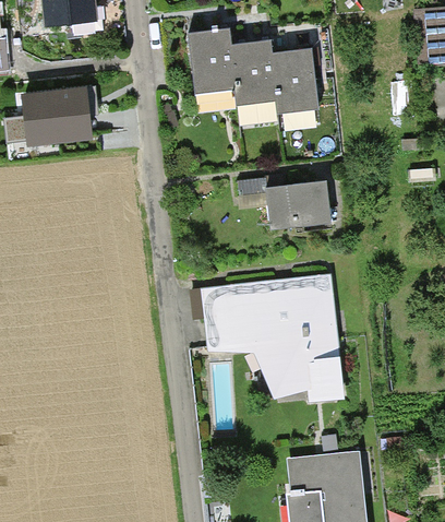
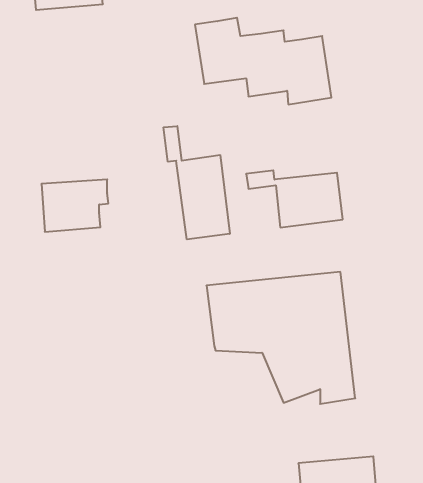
building: [21,91,85,141] -> [41,179,108,232]
building: none -> [164,126,230,239]

